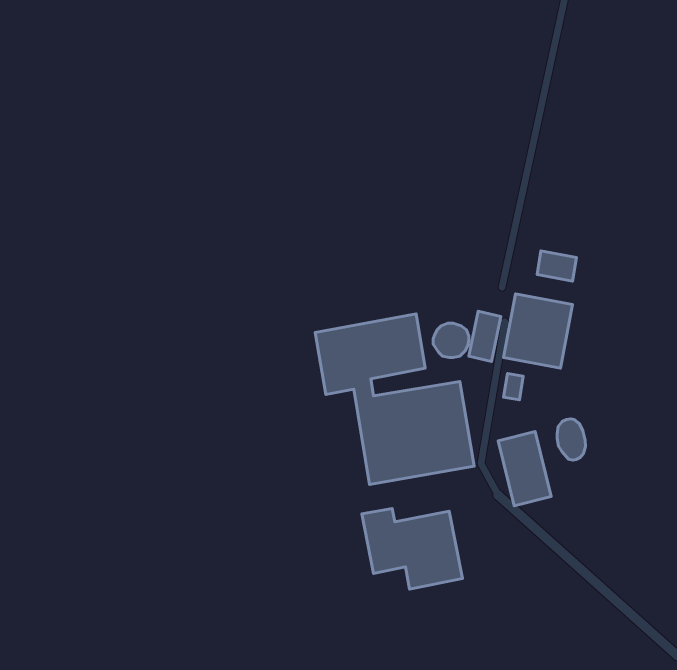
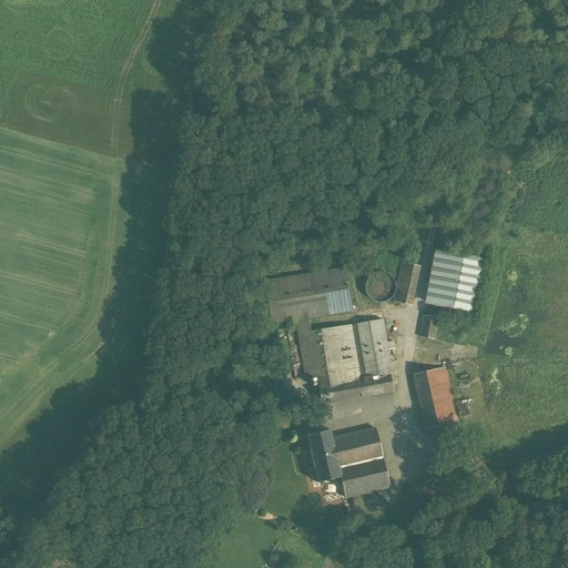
building: [537,251,576,281] -> none
building: [557,419,585,460] -> none

